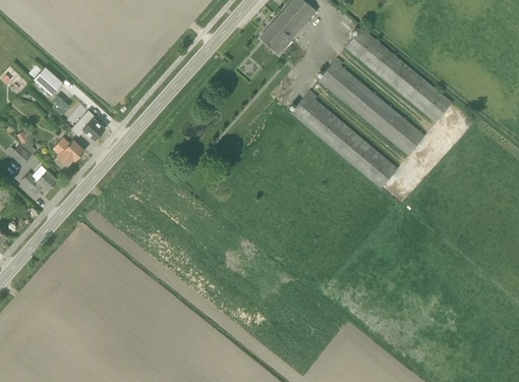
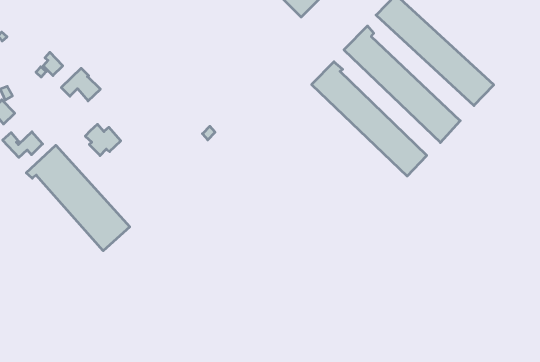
building: [34,66,63,95] -> none
building: [53,138,84,165] -> [85,124,121,156]
building: none -> [26,145,130,251]

